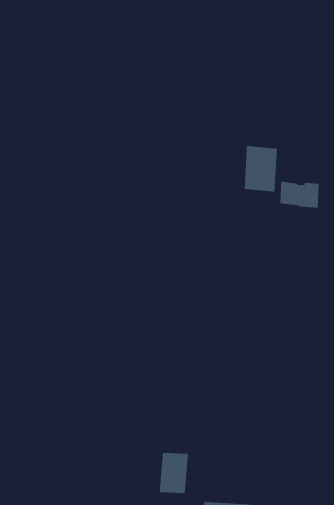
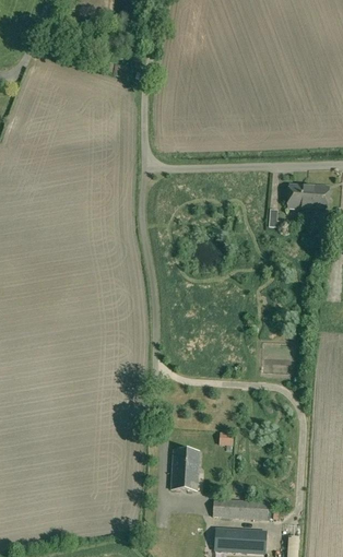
building: [244,145,277,192] -> none

